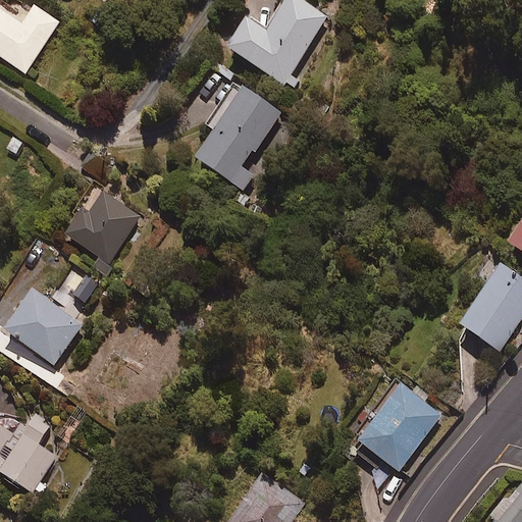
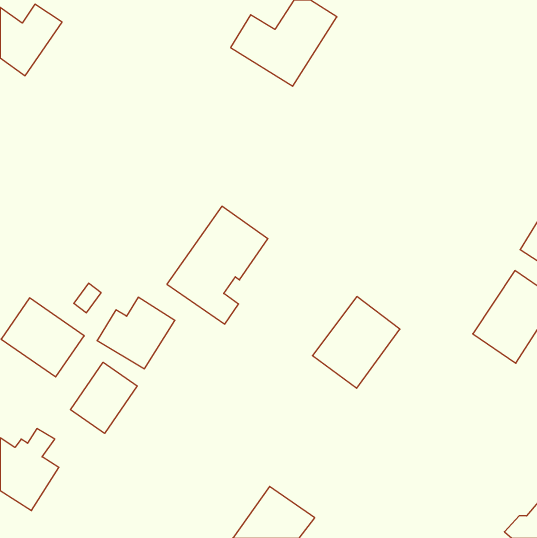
building: [187,81,284,195] -> [167,206,268,324]
building: [62,194,138,263] -> [97,297,175,369]
building: none -> [70,362,137,433]
building: [358,383,442,472] -> [312,297,400,388]

